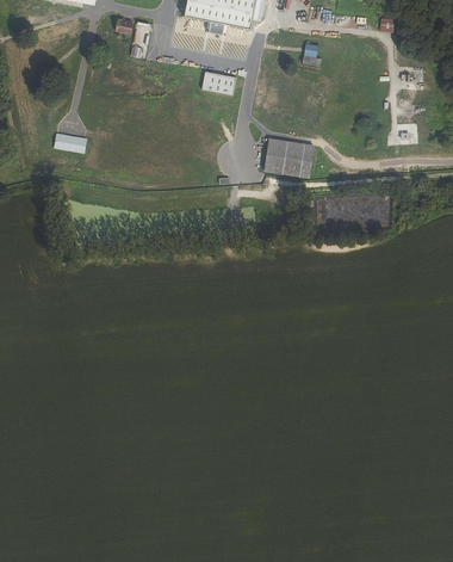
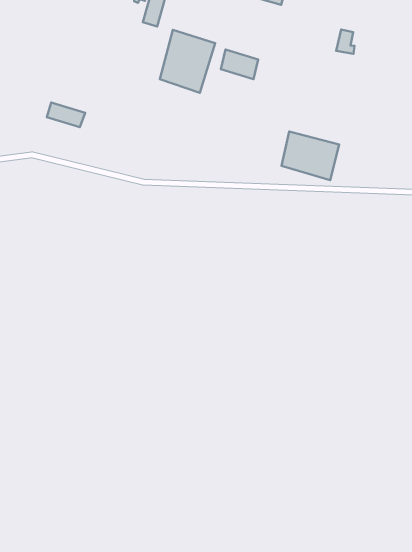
building: none -> [160,30,215,93]

